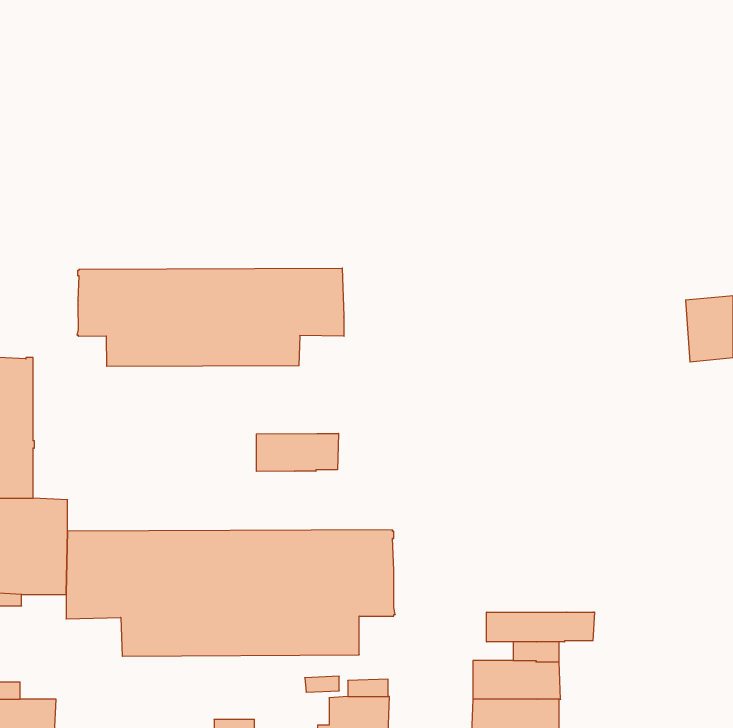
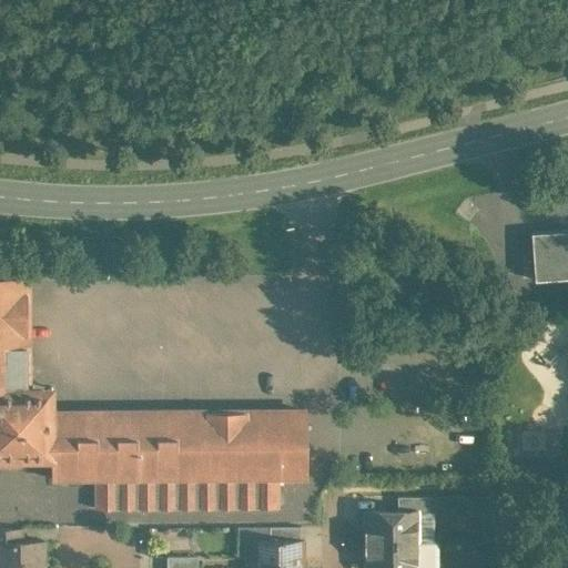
building: [77,268,344,366] -> none
building: [256,433,339,471] -> none
building: [487,612,595,642] -> none

